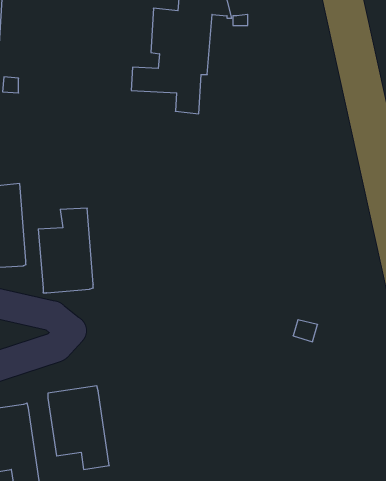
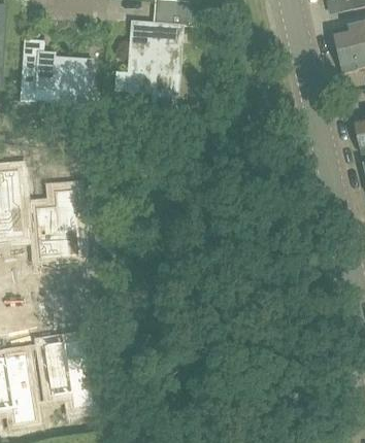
building: none -> [19,38,92,114]

